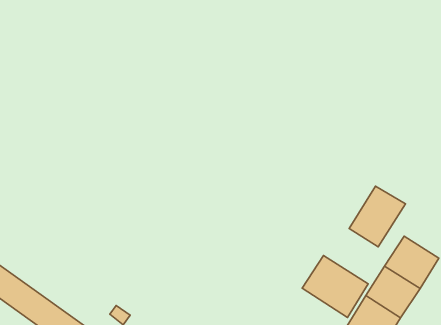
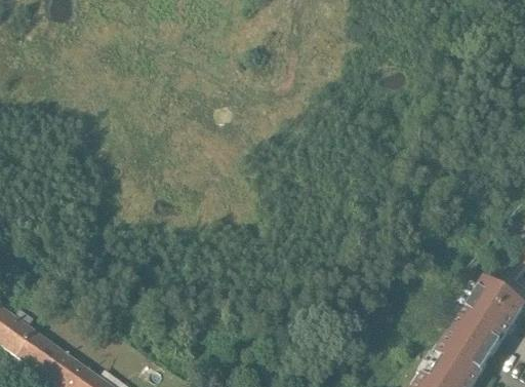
building: [349,186,405,247] -> none
building: [302,256,368,317] -> none

